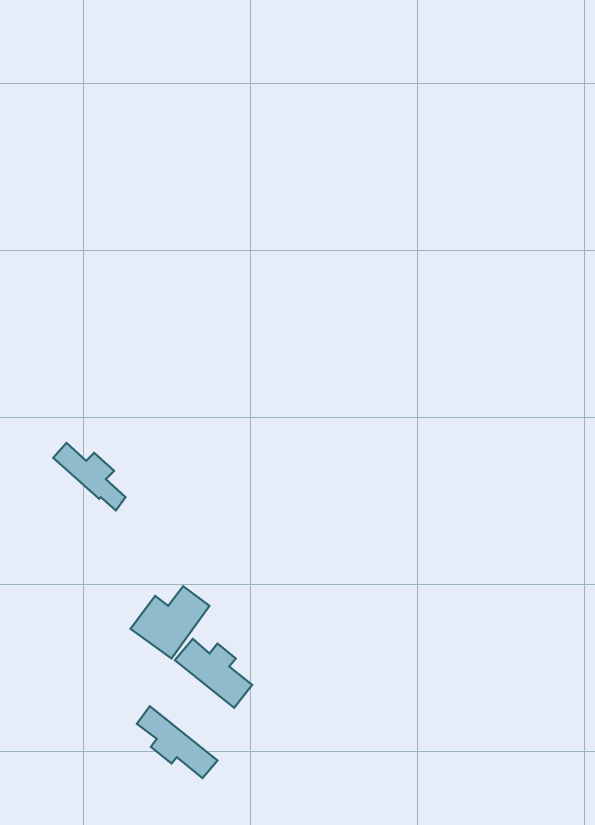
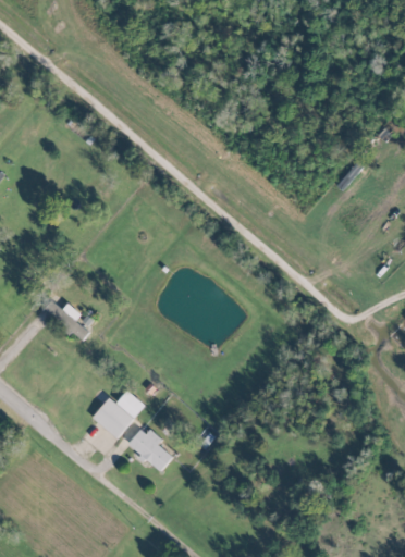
building: [137,706,217,778] -> none

